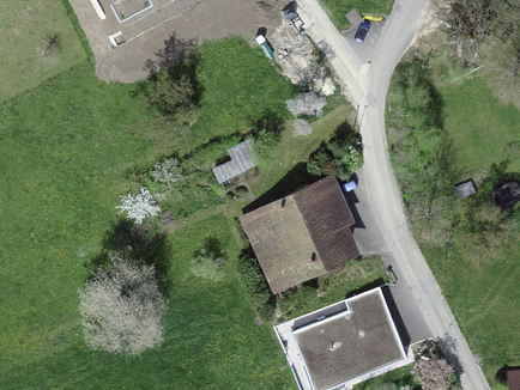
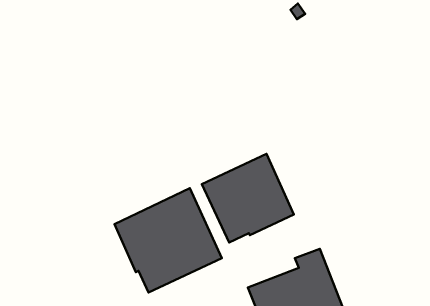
building: none -> [114,188,222,292]

